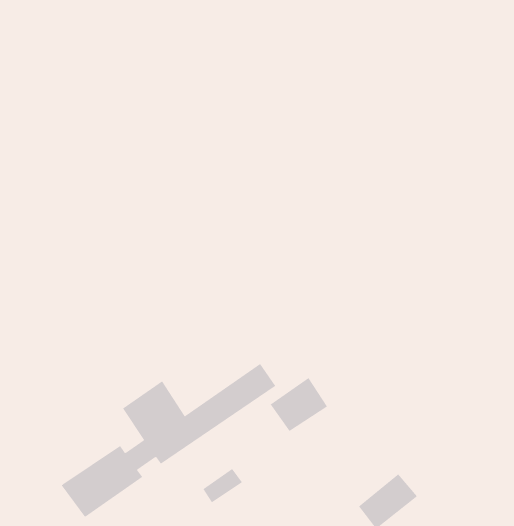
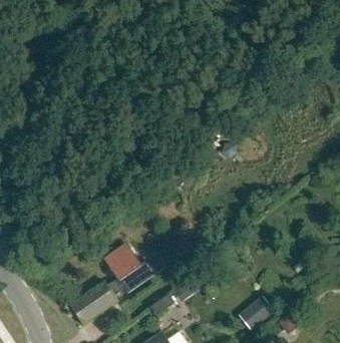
building: [270,377,328,432] -> none

